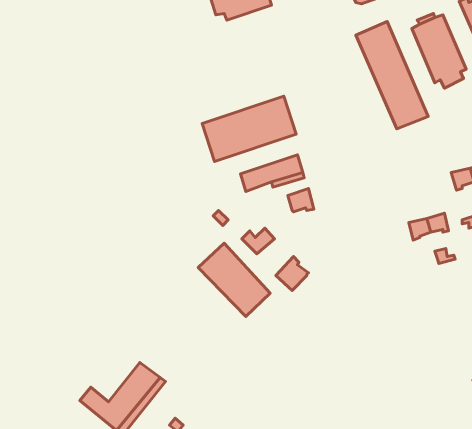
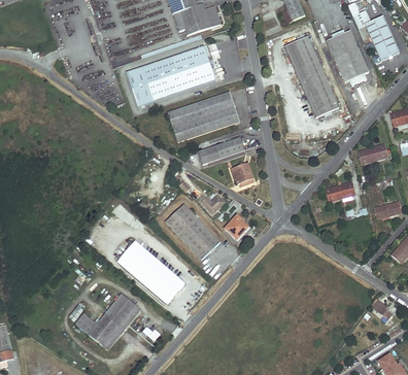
building: none -> [126,45,215,106]
building: none -> [117,240,184,303]

